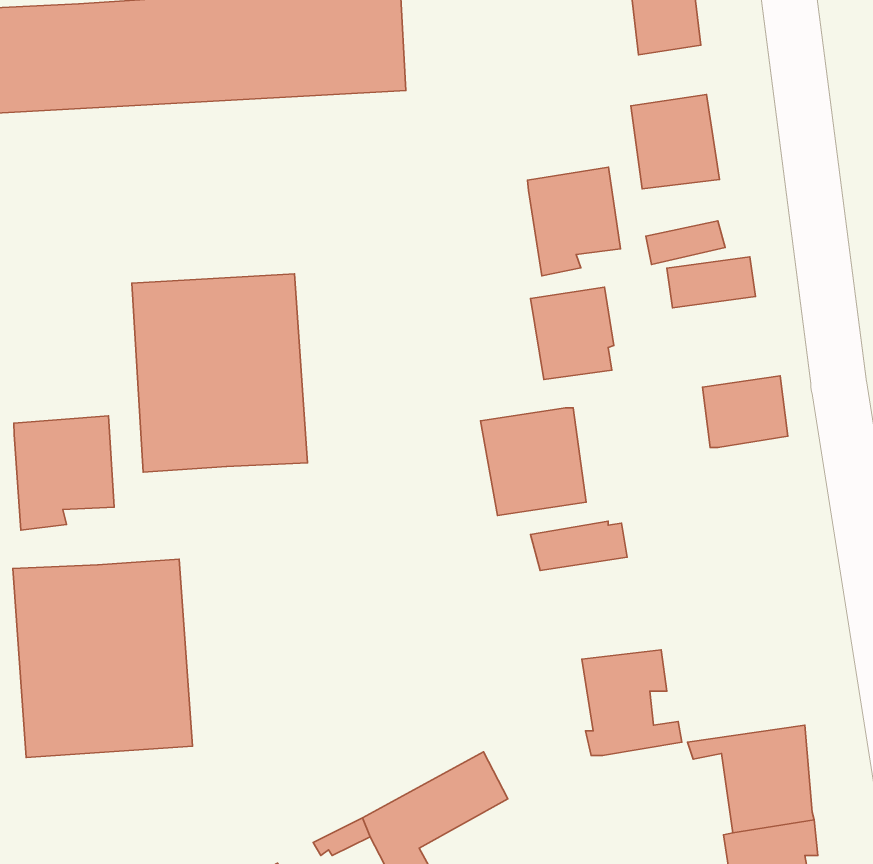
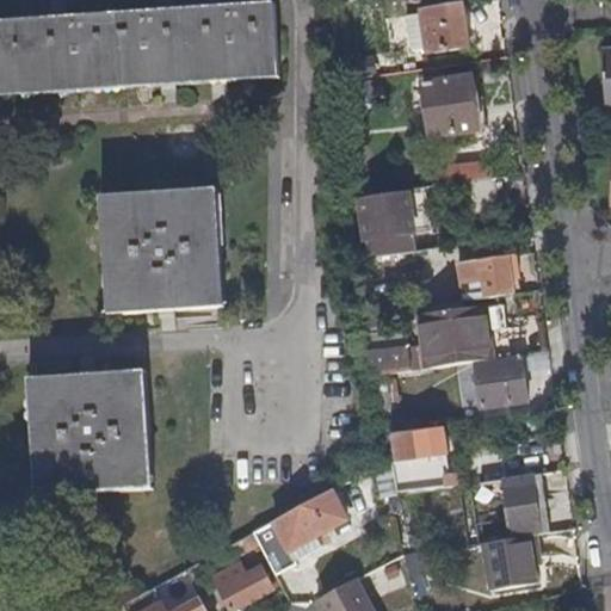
building: [527,167,621,276] -> none
building: [480,408,586,515] -> [419,297,486,365]
building: [14,416,114,530] -> none
building: none -> [477,348,549,407]

